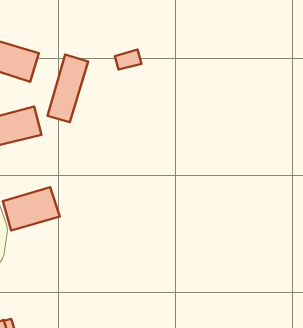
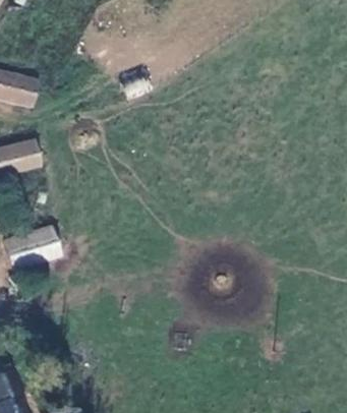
building: [47,54,88,122] -> none

